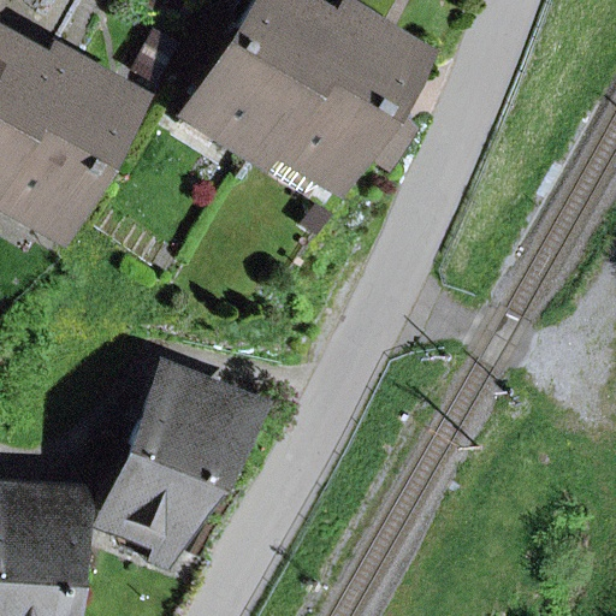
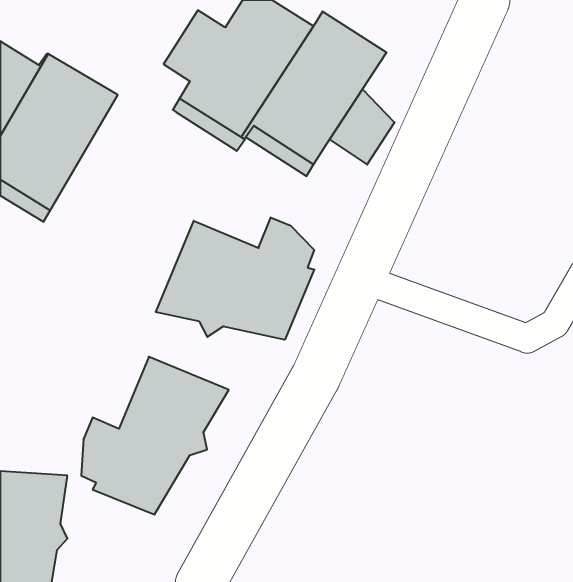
building: none -> [156,217,314,340]

